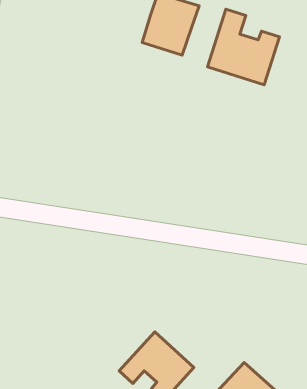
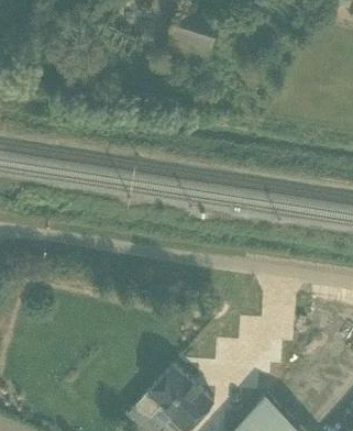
building: [208,9,280,85] -> none

